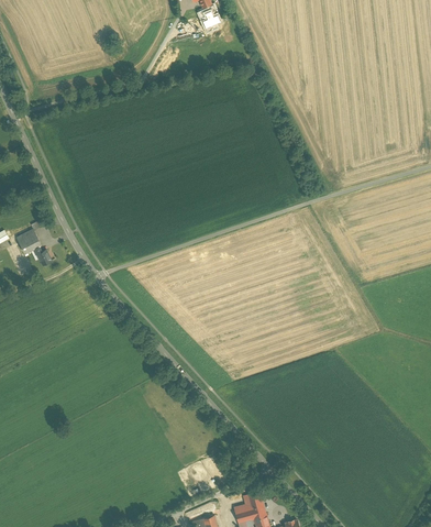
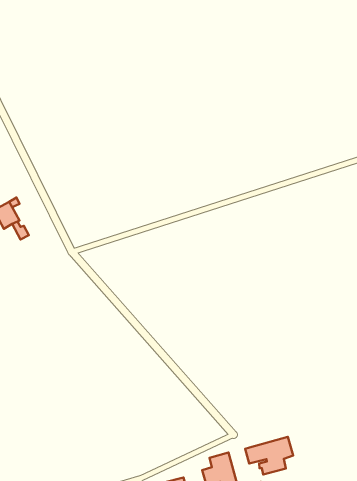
building: none -> [245,437,293,474]

